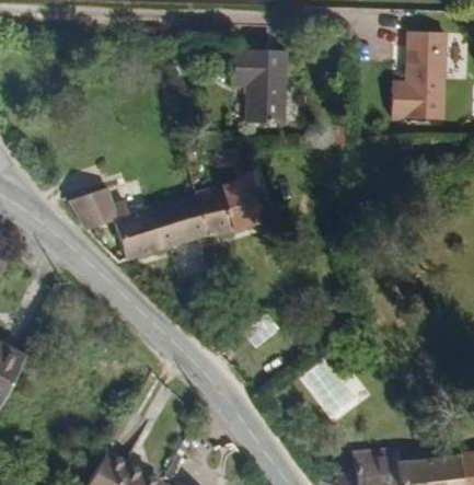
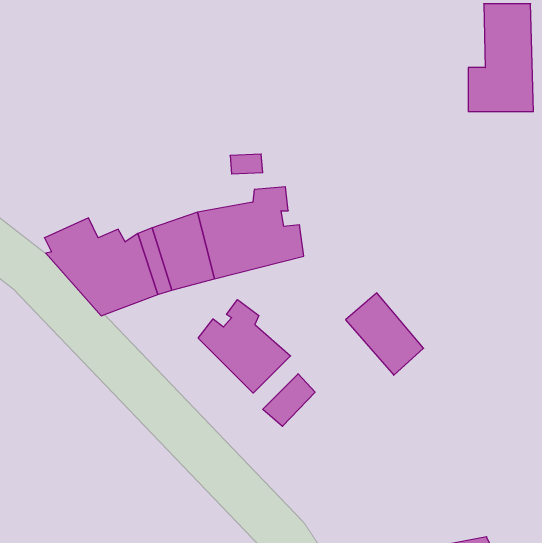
building: [236,45,287,116] -> none
building: none -> [198,300,291,393]
building: [299,361,359,425] -> [346,293,424,375]

